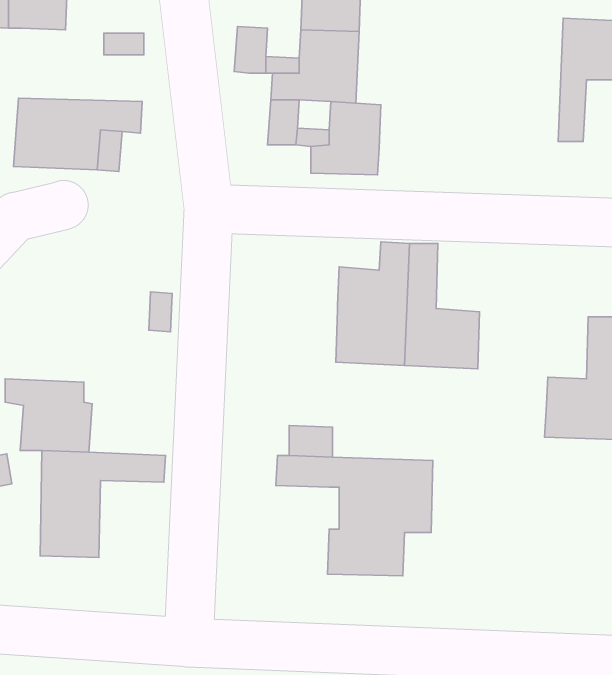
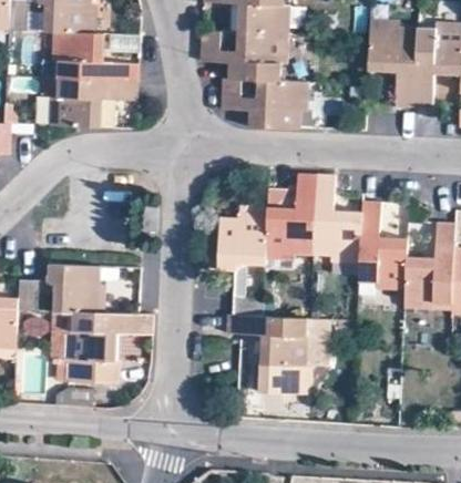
building: none -> [370,22,418,106]
building: none -> [57,31,139,80]
building: none -> [360,202,408,285]
building: none -> [217,216,268,270]

